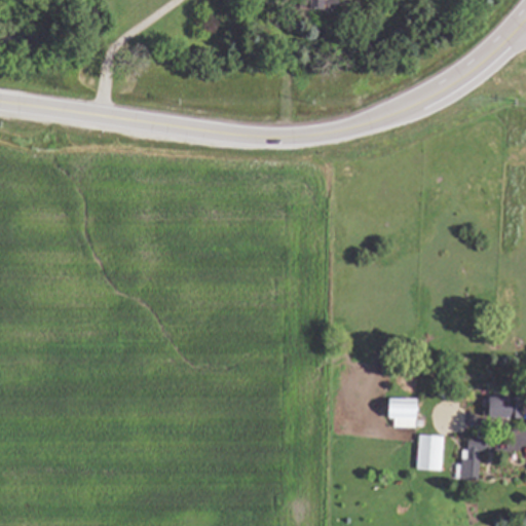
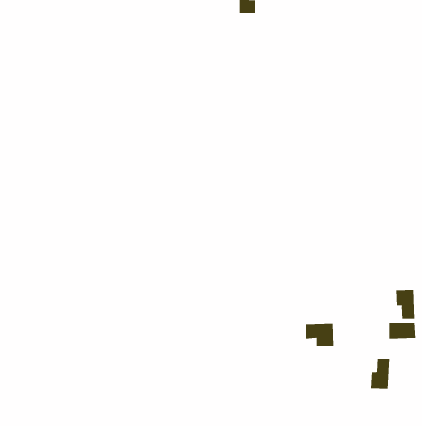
building: none -> [396,289,415,320]
building: [417,434,444,469] -> none

